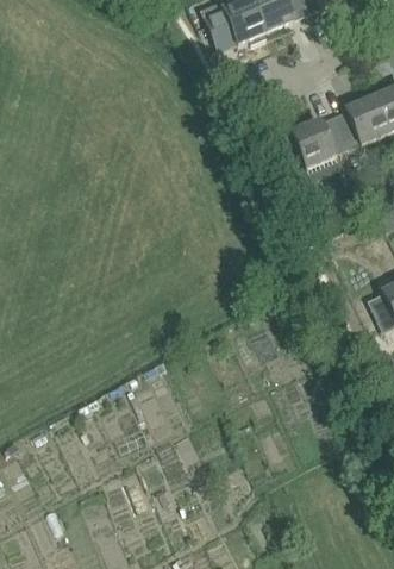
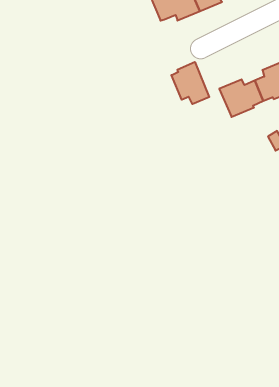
building: none -> [171,62,209,104]

